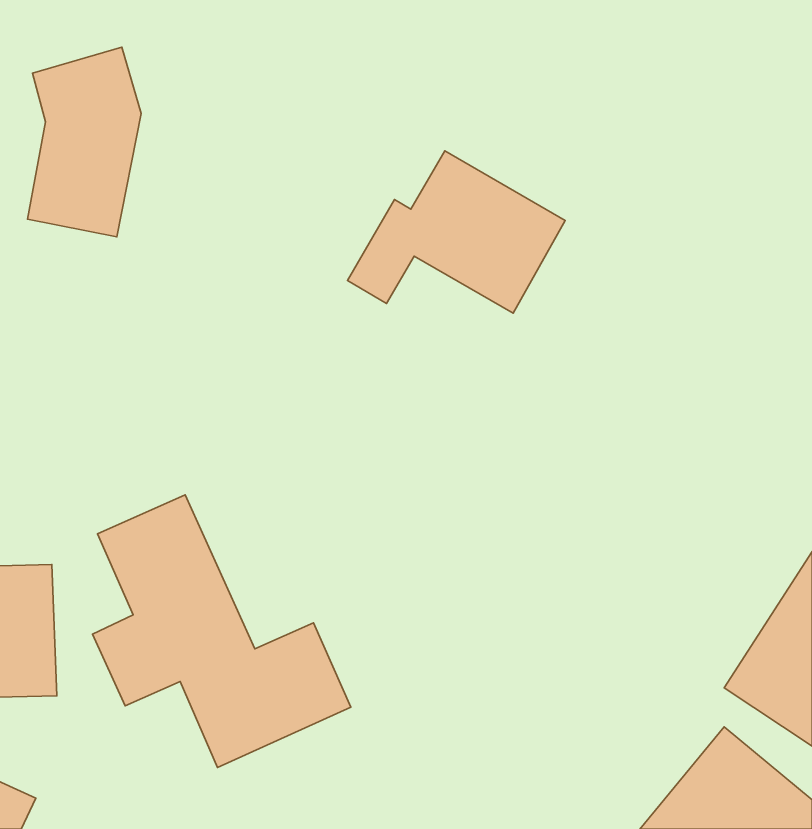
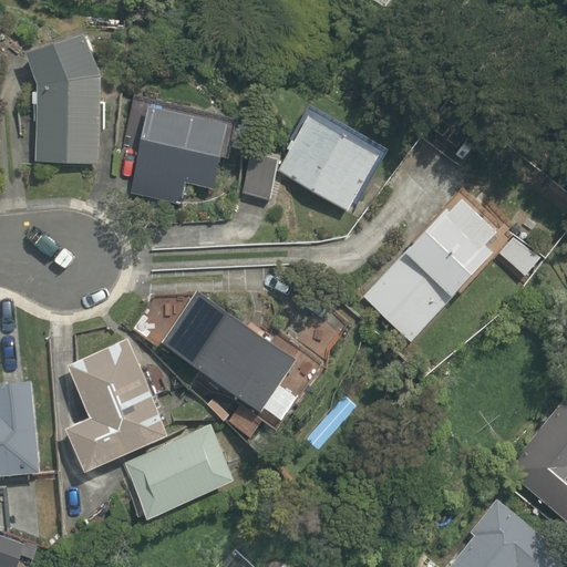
building: none -> [134,105,245,205]
building: none -> [349,197,547,344]
building: none -> [158,286,308,416]

